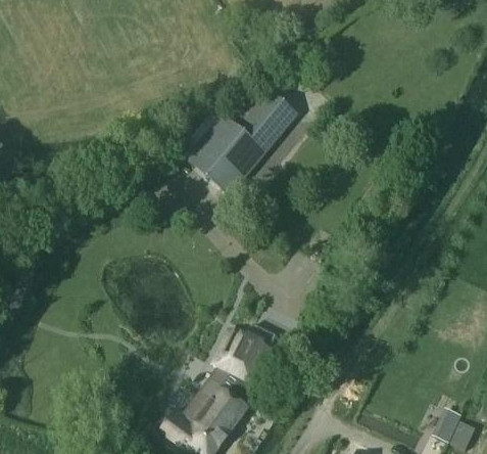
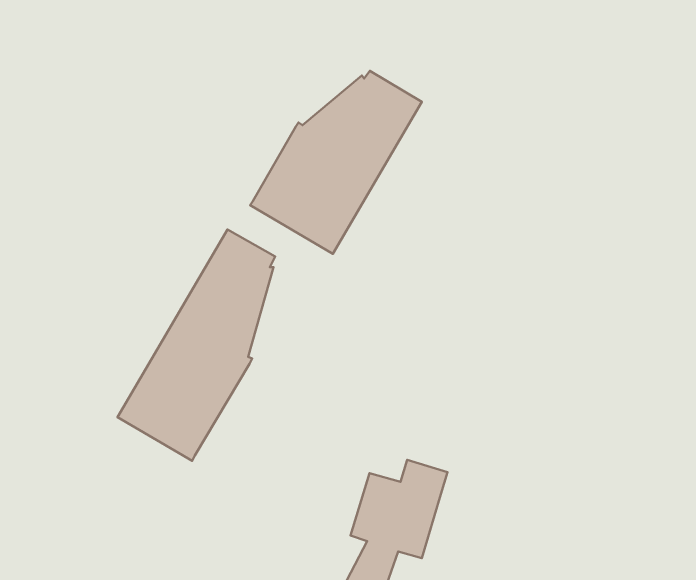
building: none -> [117,229,275,461]

